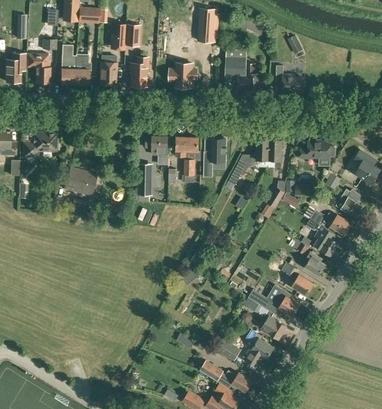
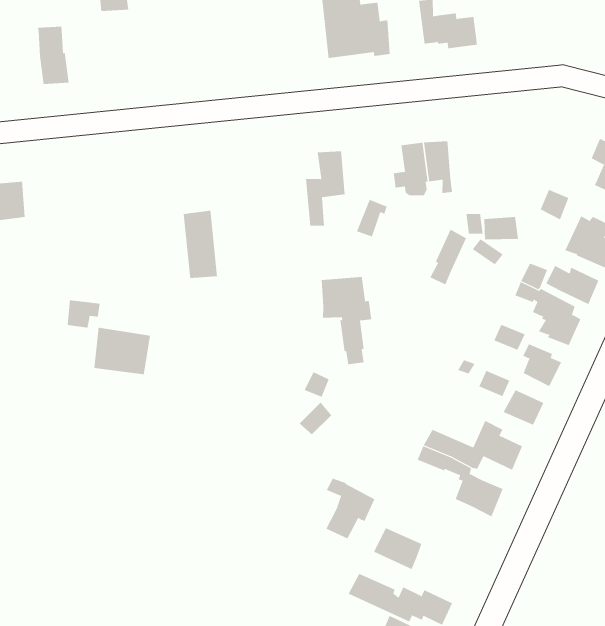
building: [61,45,76,84] -> none
building: [101,55,117,85] -> none
building: [131,57,148,86] -> none
building: [172,63,195,88] -> none
building: [146,137,168,156] -> none
building: [175,137,201,183] -> [321,276,372,365]
building: [300,142,336,165] -> none
building: [65,168,97,196] -> [94,327,151,375]
building: [245,334,273,367] -> [325,478,375,539]

